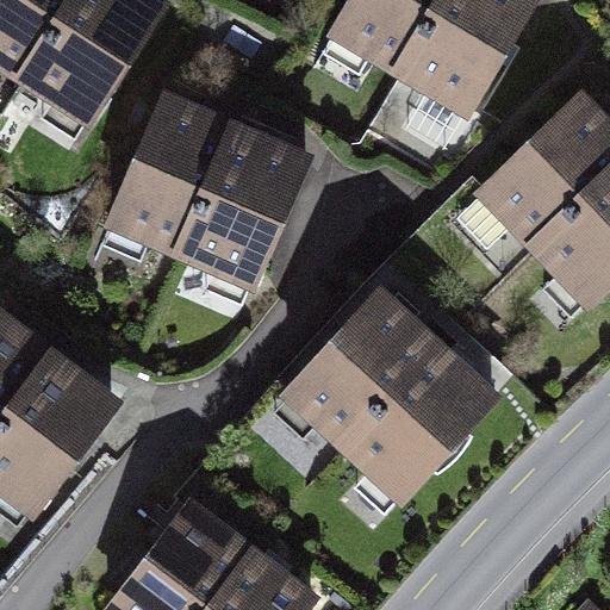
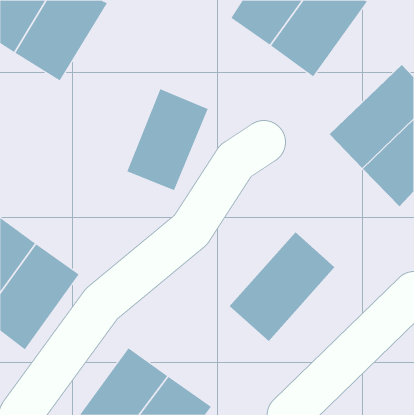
building: [120,104,235,251] -> none
building: [282,292,434,449] -> none

